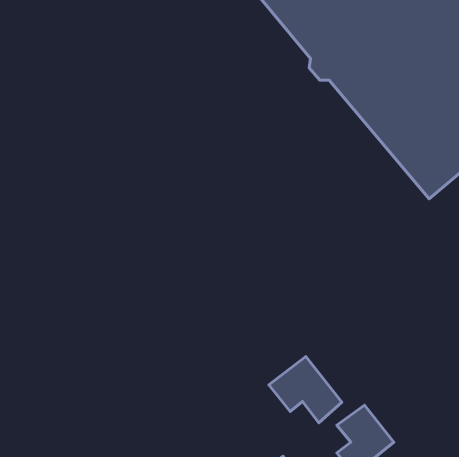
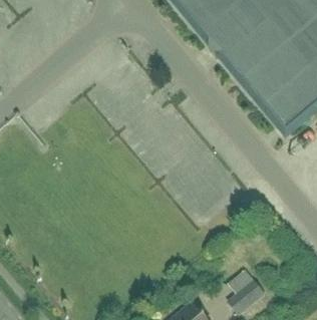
building: [269,357,342,423] -> none

